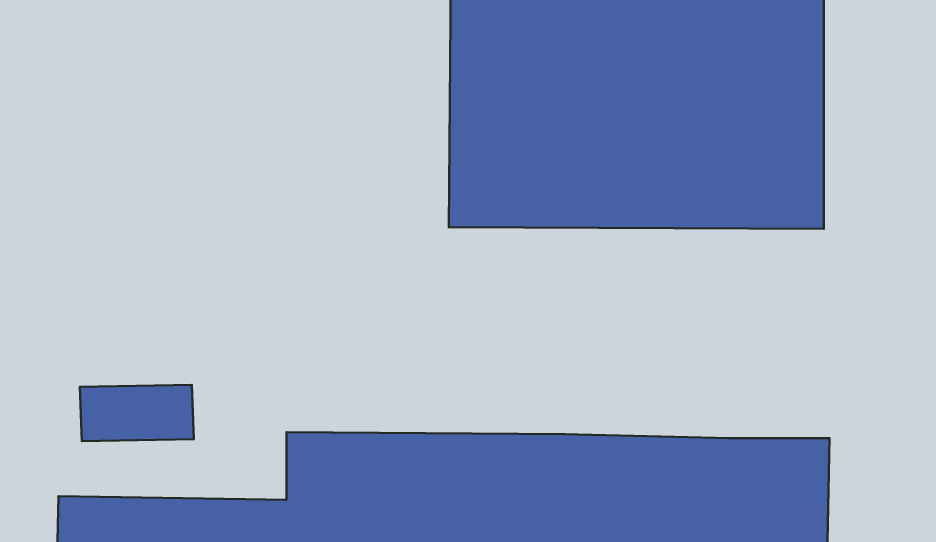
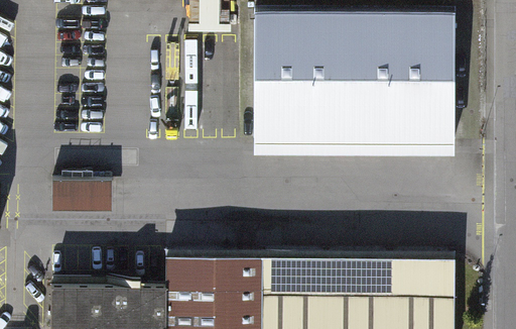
building: [80,385,194,441] -> [52,183,112,212]

